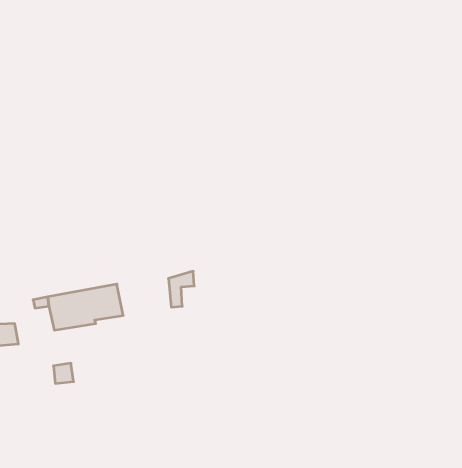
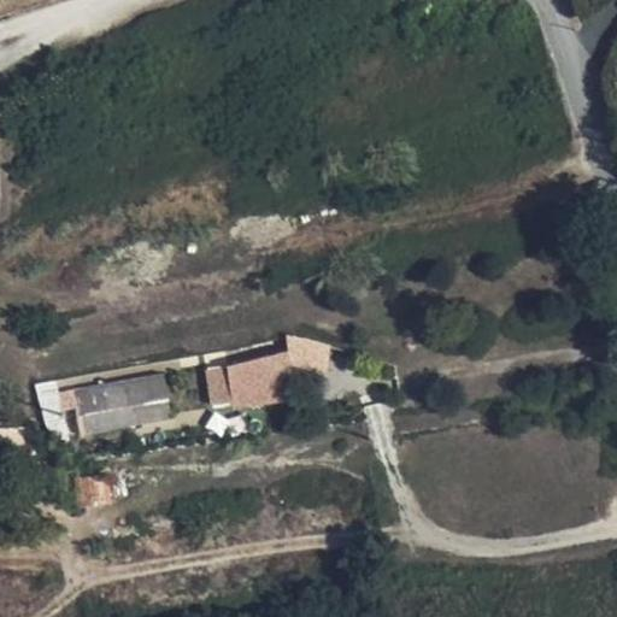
building: none -> [237,351,283,404]

